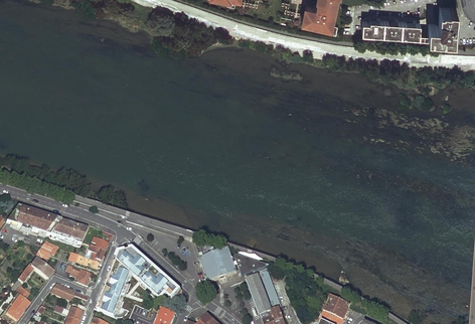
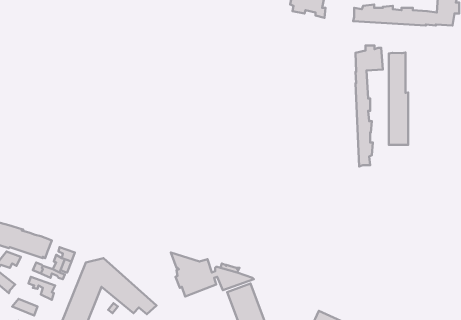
building: none -> [355,45,383,166]
building: none -> [389,52,408,145]

